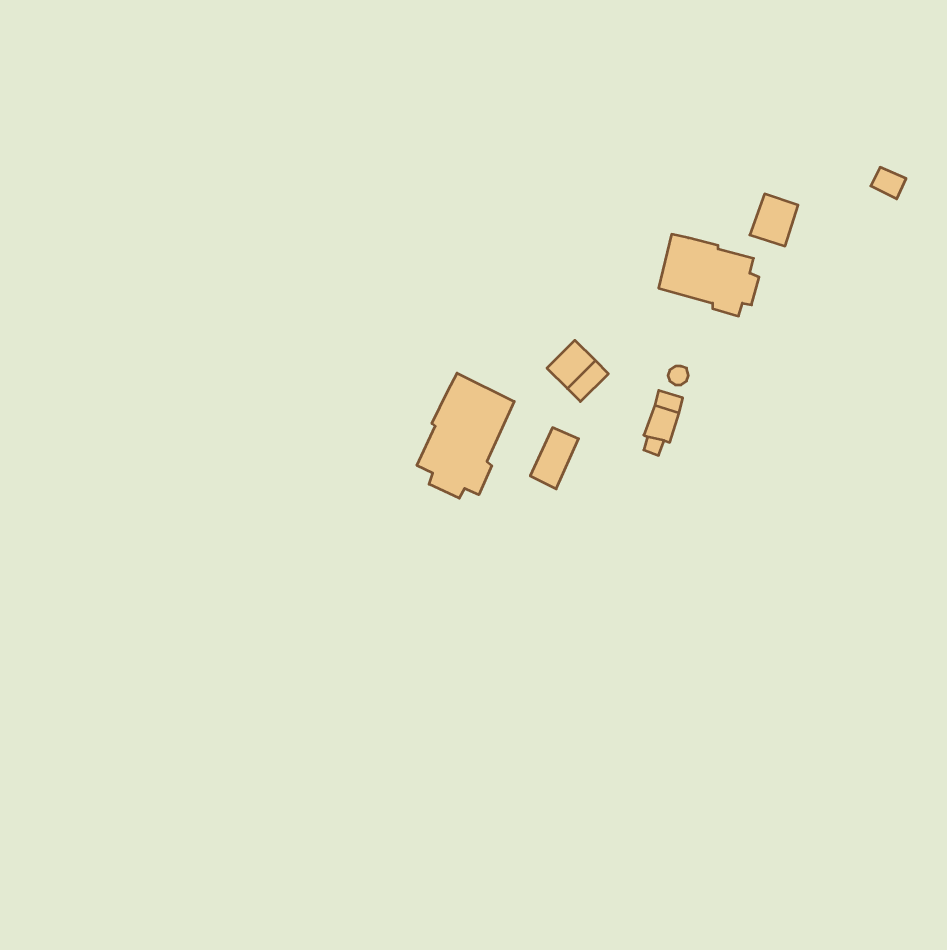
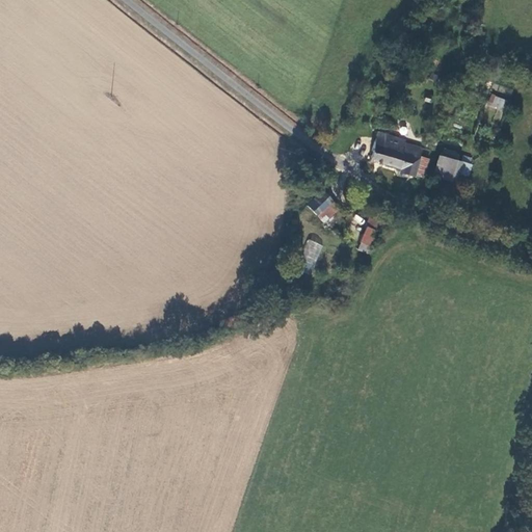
building: [750,194,798,246] -> [431,154,458,183]
building: [417,373,514,498] -> none

